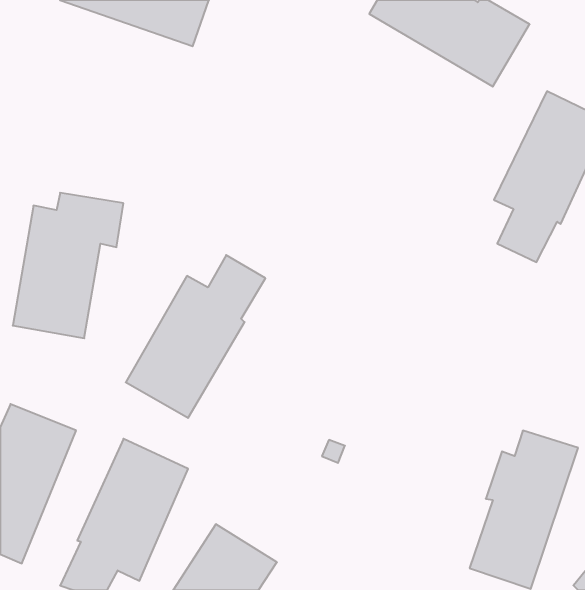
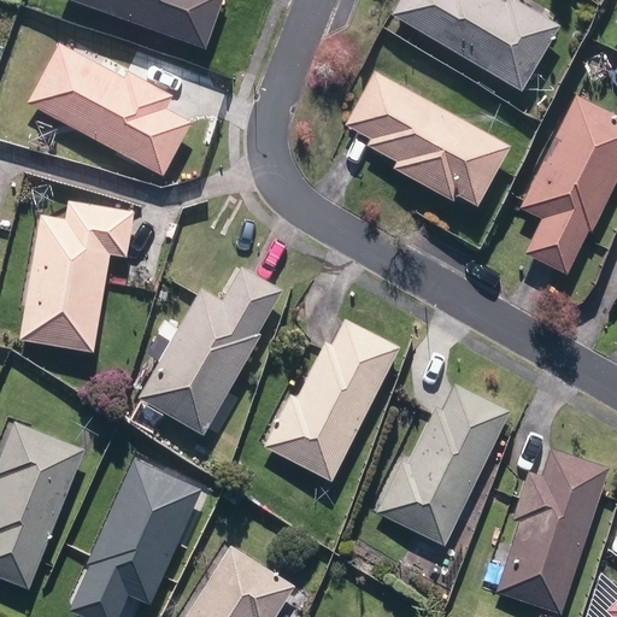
building: none -> [27,42,192,176]
building: none -> [343,71,510,207]
building: none -> [263,319,399,481]
building: none -> [376,383,510,547]

